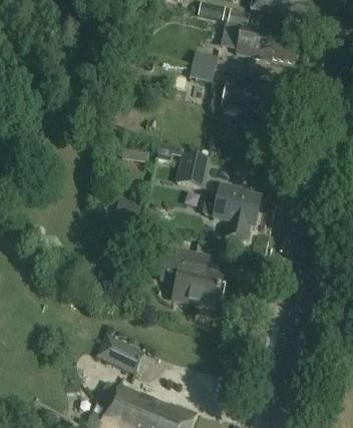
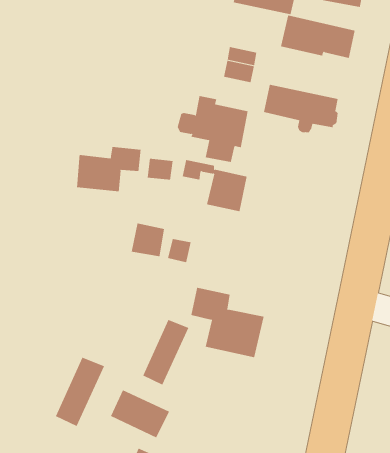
building: none -> [76,146,141,192]
building: [201,184,260,240] -> [177,96,249,162]
building: none -> [142,319,189,385]
building: none -> [55,357,105,427]

